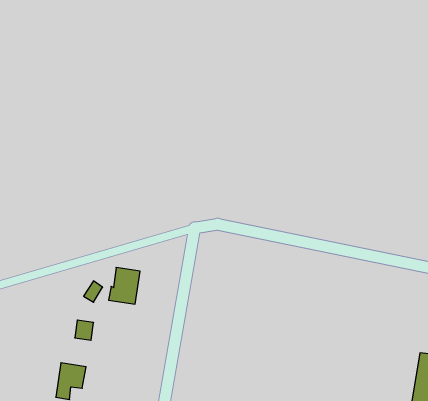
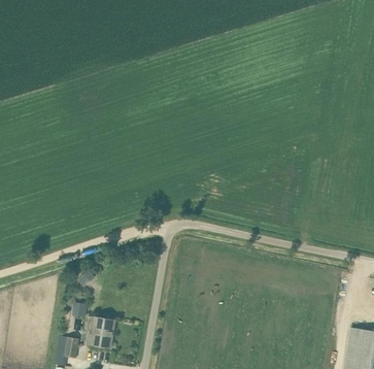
building: [109,267,140,304] -> [90,317,115,347]

